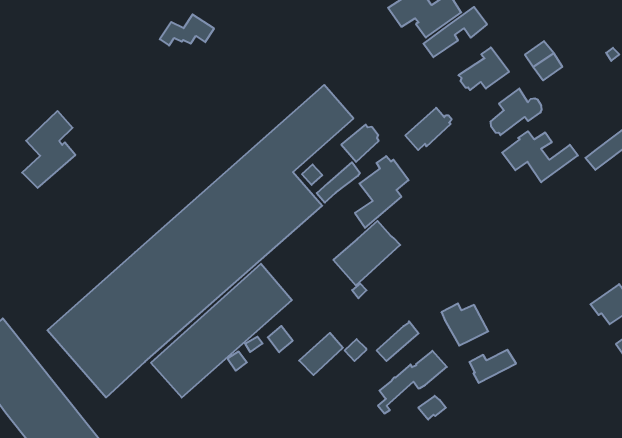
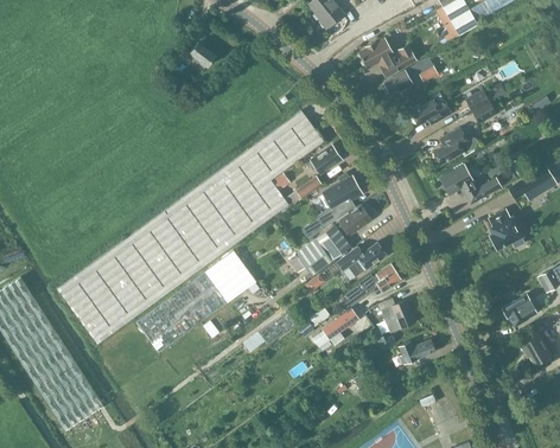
building: [405,108,452,150] -> [333,204,373,237]
building: [22,111,75,188] -> none
building: none -> [485,211,522,249]
building: none -> [336,241,387,276]
building: [378,351,447,413] -> [342,264,401,312]

